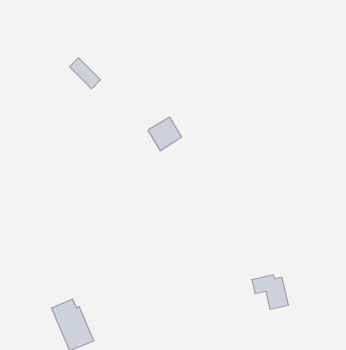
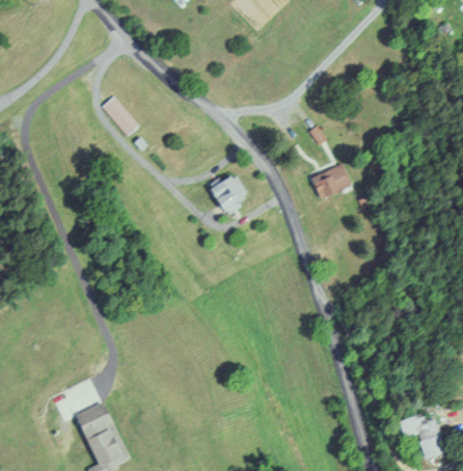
building: none -> [312,170,346,193]
building: [252,275,289,309] -> [393,414,440,458]

